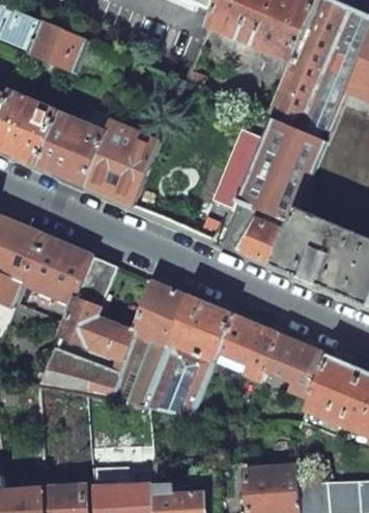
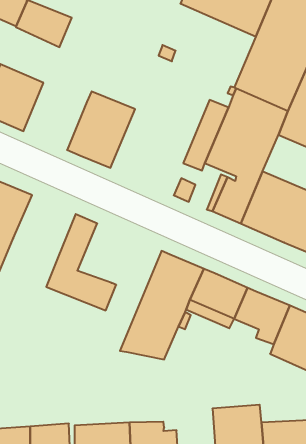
building: [35,111,105,184] -> none
building: [24,234,92,303] -> none
building: [38,280,187,404] -> none

